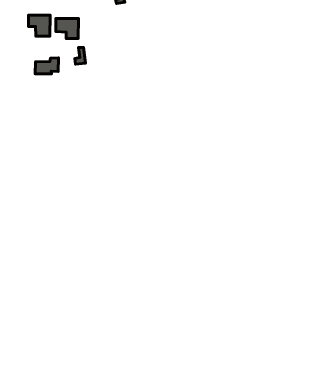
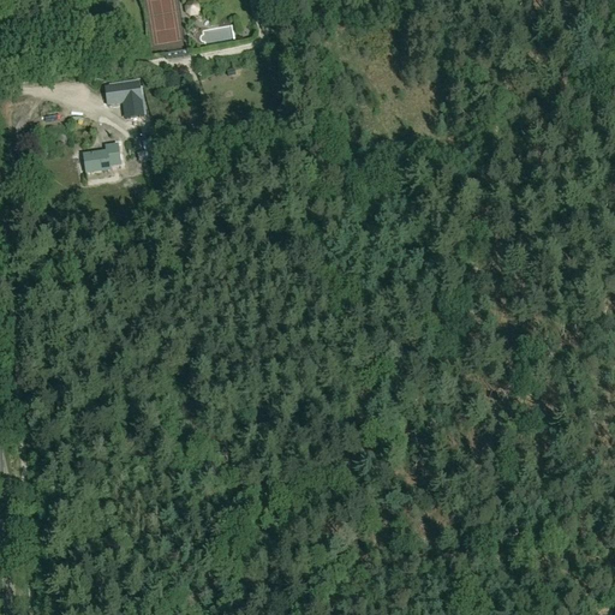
building: [28,15,50,36] -> none

